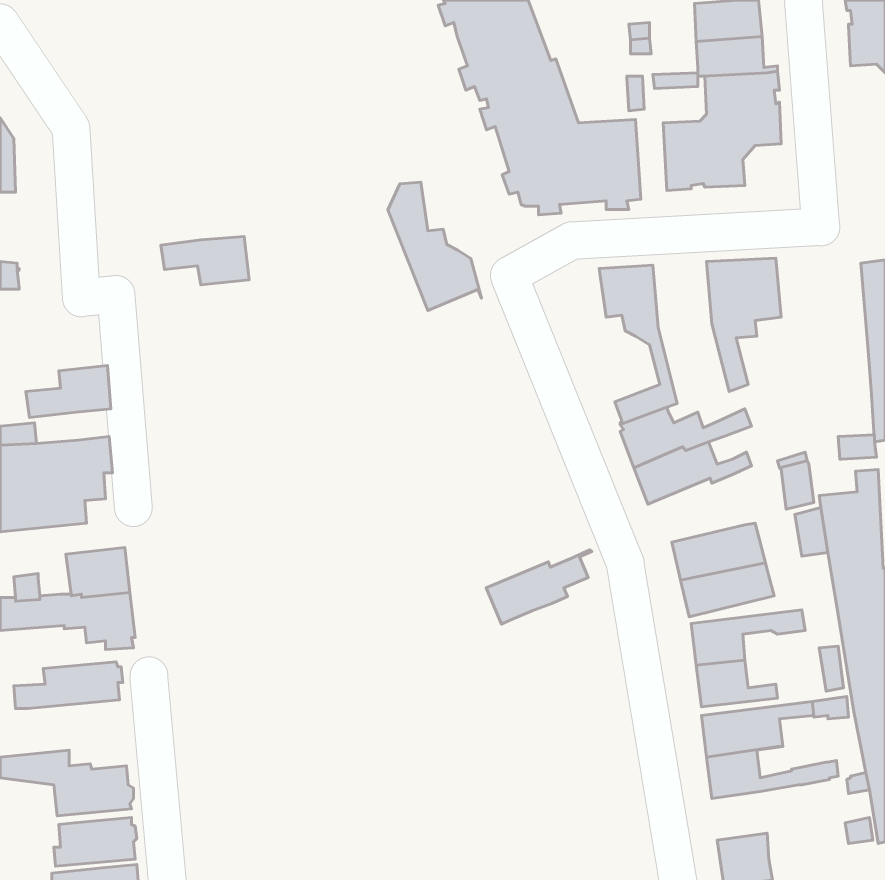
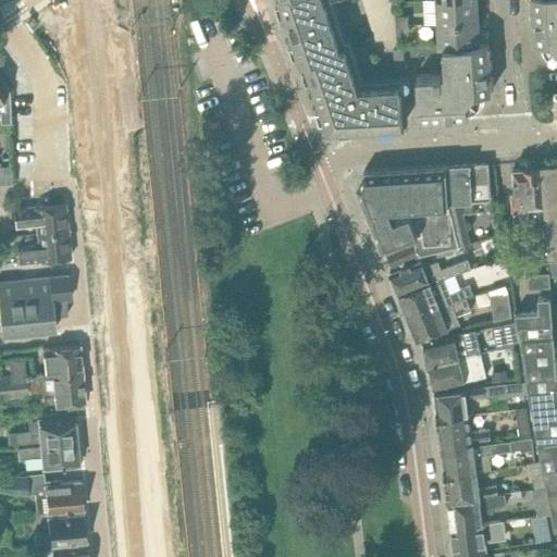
building: [388,182,481,310] -> [356,172,414,252]
building: [161,236,249,285] -> [12,206,67,236]
building: none -> [410,168,458,260]
building: none -> [511,169,545,227]
building: [486,550,592,624] -> [407,296,473,343]
building: none -> [17,443,81,470]
building: none -> [447,496,506,531]

